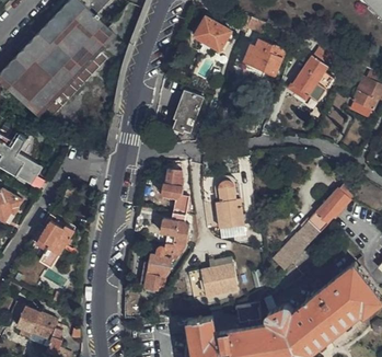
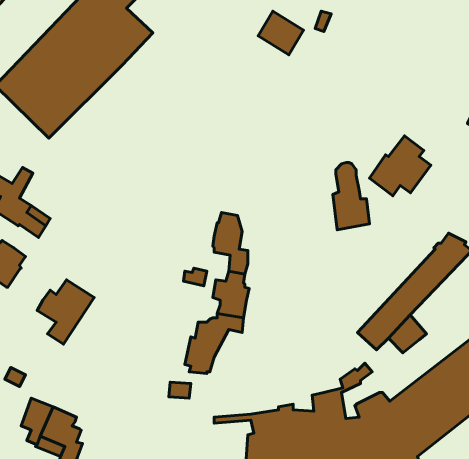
building: [242,38,286,77] -> none
building: [286,58,332,103] -> [370,136,431,196]
building: [172,90,202,133] -> none
building: [215,181,242,231] -> [333,162,369,230]
building: [197,265,235,296] -> none

